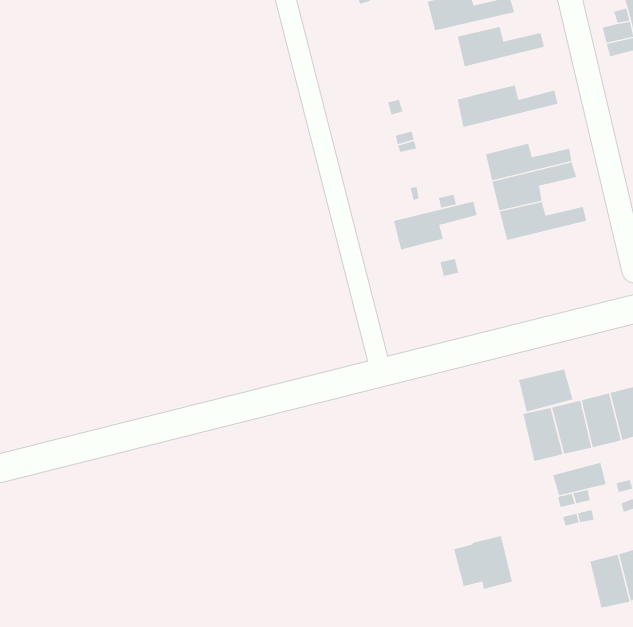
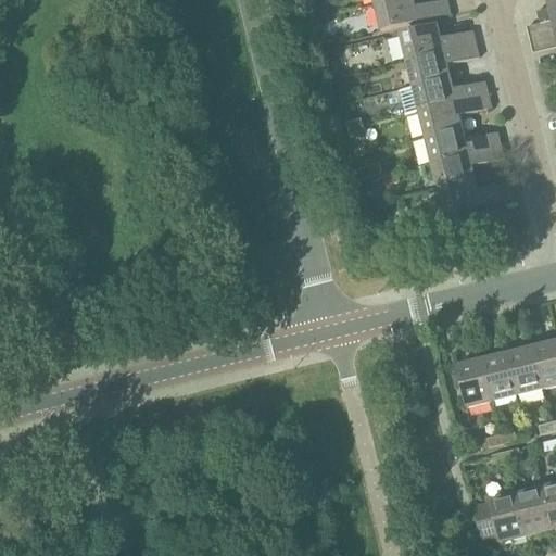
building: none -> [407,41,481,84]
building: [393,201,477,250] -> [419,91,493,135]
building: [518,369,573,413] -> none
building: [552,462,607,496] -> none
building: [453,535,513,590] -> [475,491,527,539]

